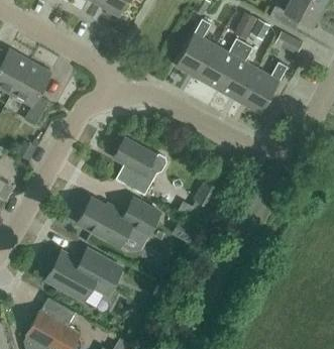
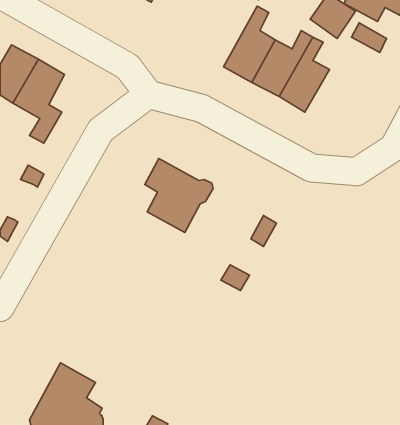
building: [238,63,287,114] -> none
building: [77,198,159,246] -> none
building: [45,249,122,301] -> none

